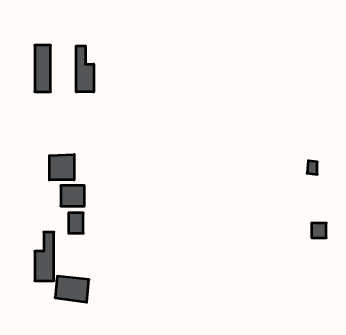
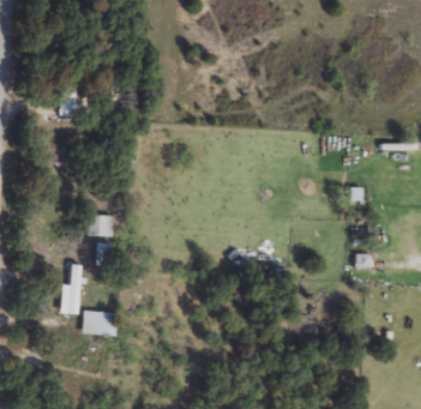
building: [76,46,94,92] -> none
building: [49,154,74,180] -> none

